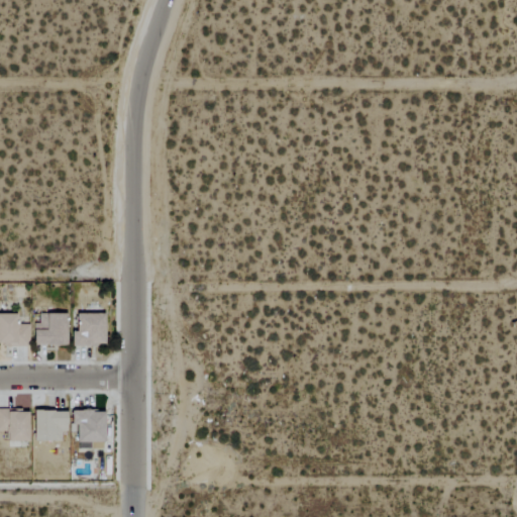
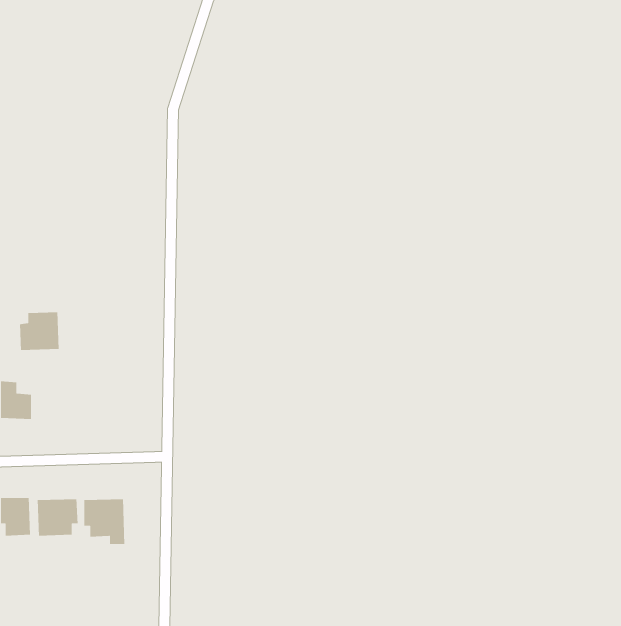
building: [35,313,69,345] -> [19,311,60,351]
building: [73,313,108,346] -> none

